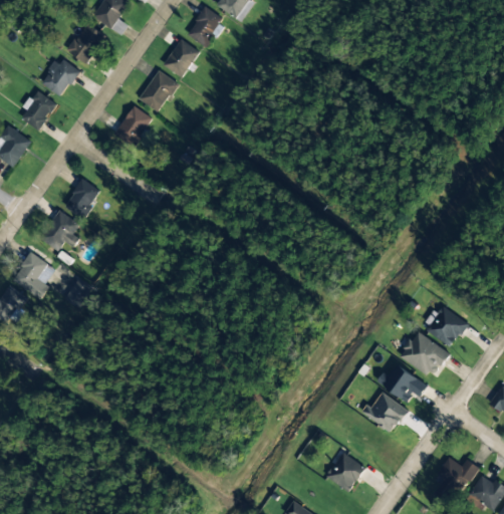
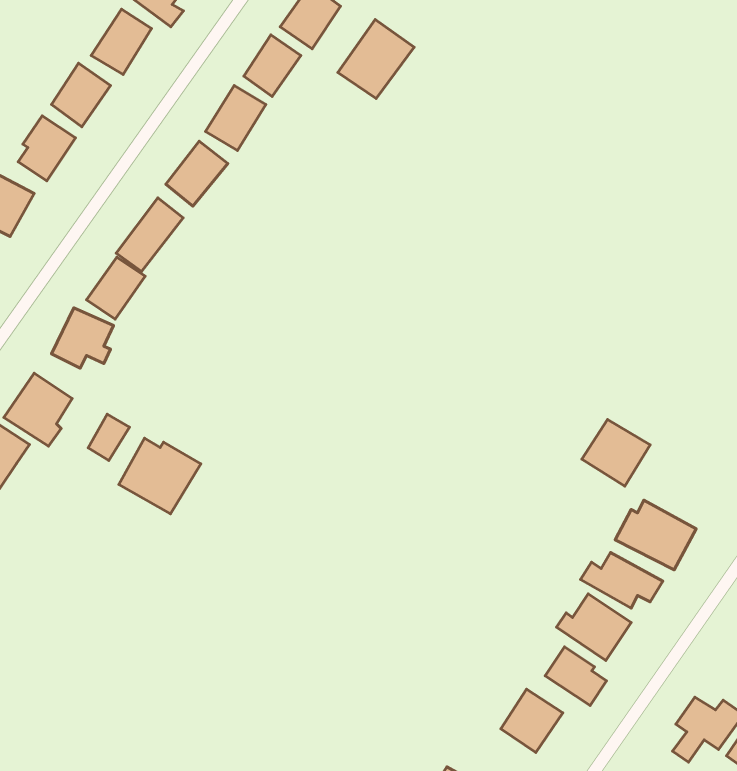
building: none -> [338,19,414,98]
building: none -> [116,198,183,271]
building: none -> [119,438,201,514]
building: [424,305,467,347] -> [582,419,650,486]
building: none -> [545,647,607,706]

